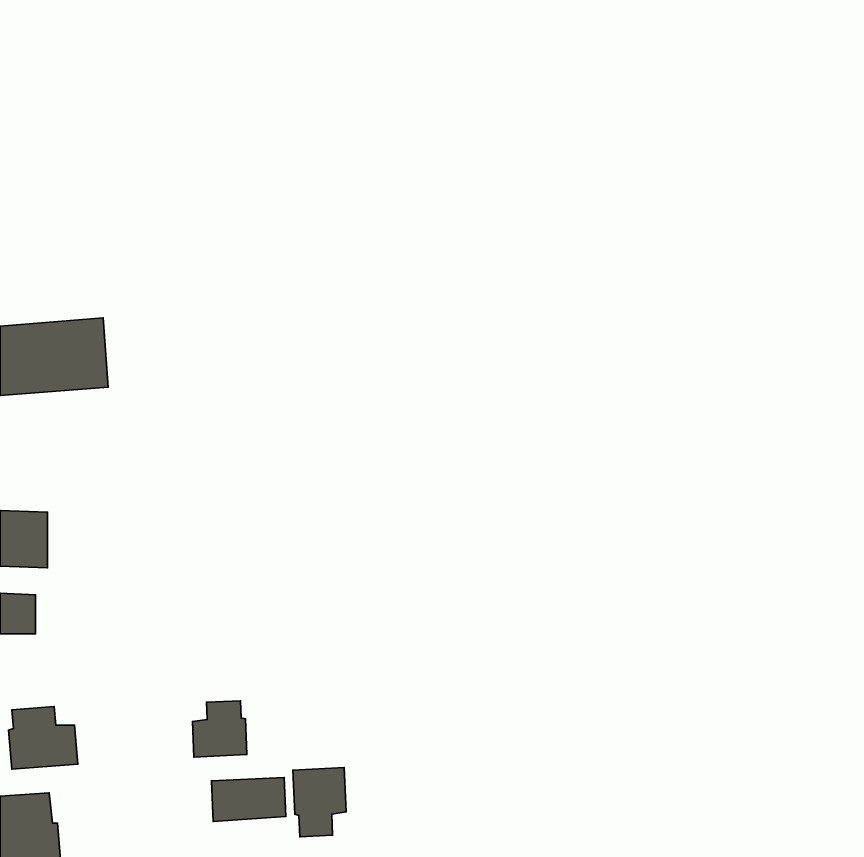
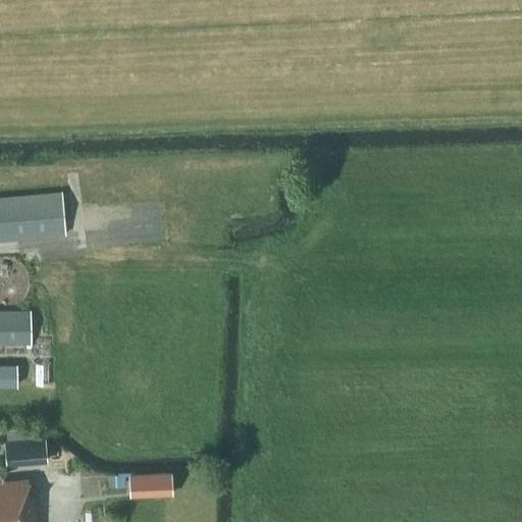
building: [192,701,247,757] -> none
building: [293,768,346,837] -> none

